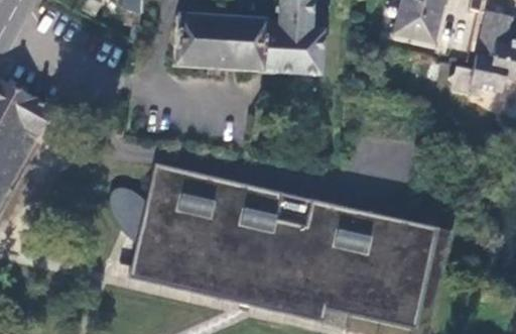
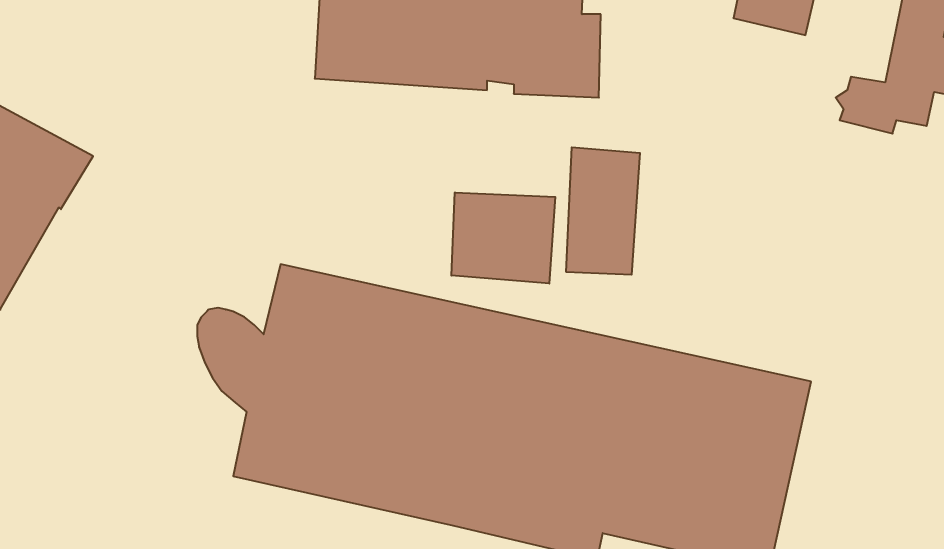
building: none -> [566,147,640,275]
building: none -> [451,192,555,284]

